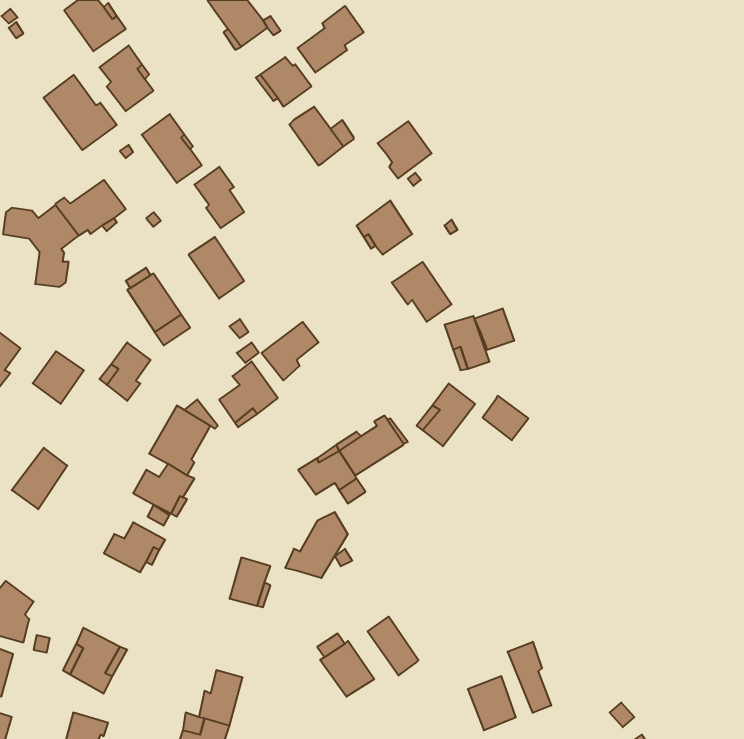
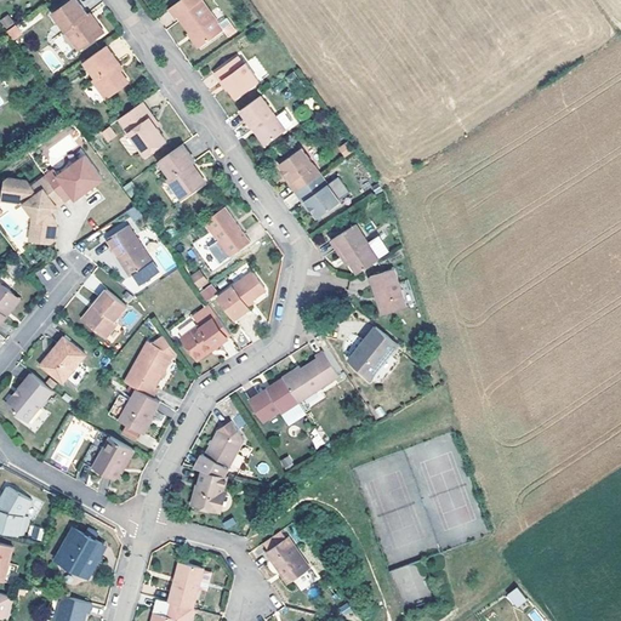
building: [298,6,364,73] -> none
building: [44,75,117,150] -> none
building: [378,121,432,178] -> [279,147,324,194]
building: [189,237,244,299] -> [204,206,250,257]
building: [475,308,514,350] -> none
building: [33,351,84,404] -> [45,342,87,386]
building: [483,396,528,440] -> none
building: [285,512,348,578] -> [190,421,243,475]
building: [368,617,419,676] -> none
building: [508,642,551,713] -> none

